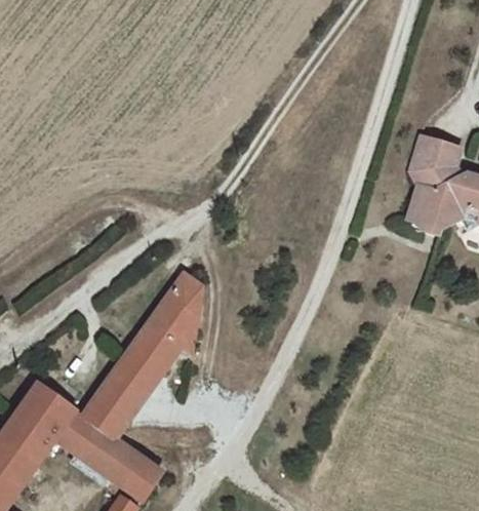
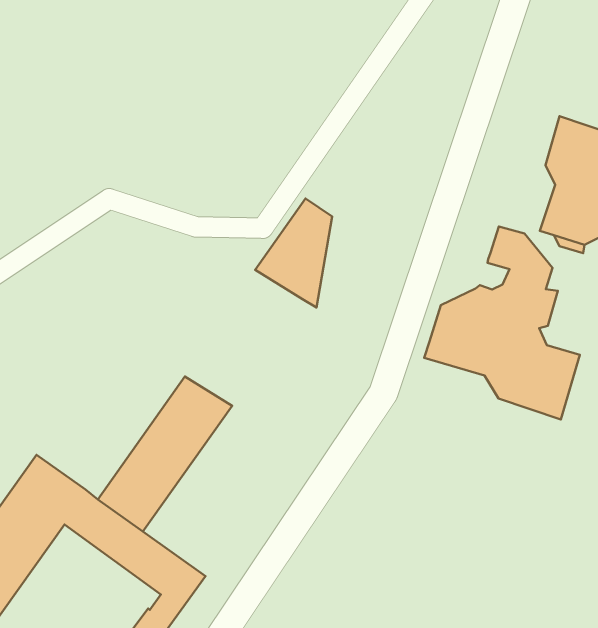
building: none -> [424,226,580,420]
building: [146,273,202,353] -> [255,198,332,307]

